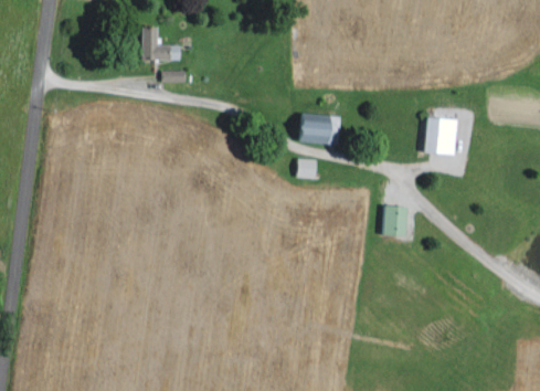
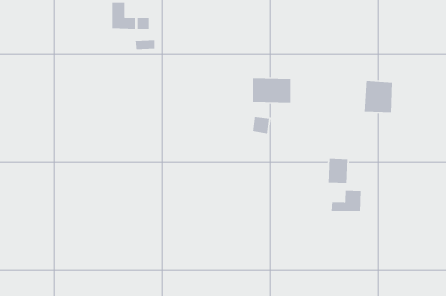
building: none -> [331,190,362,212]

